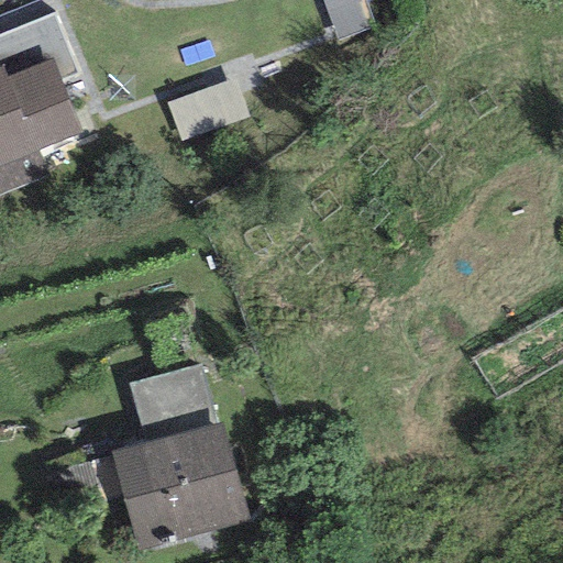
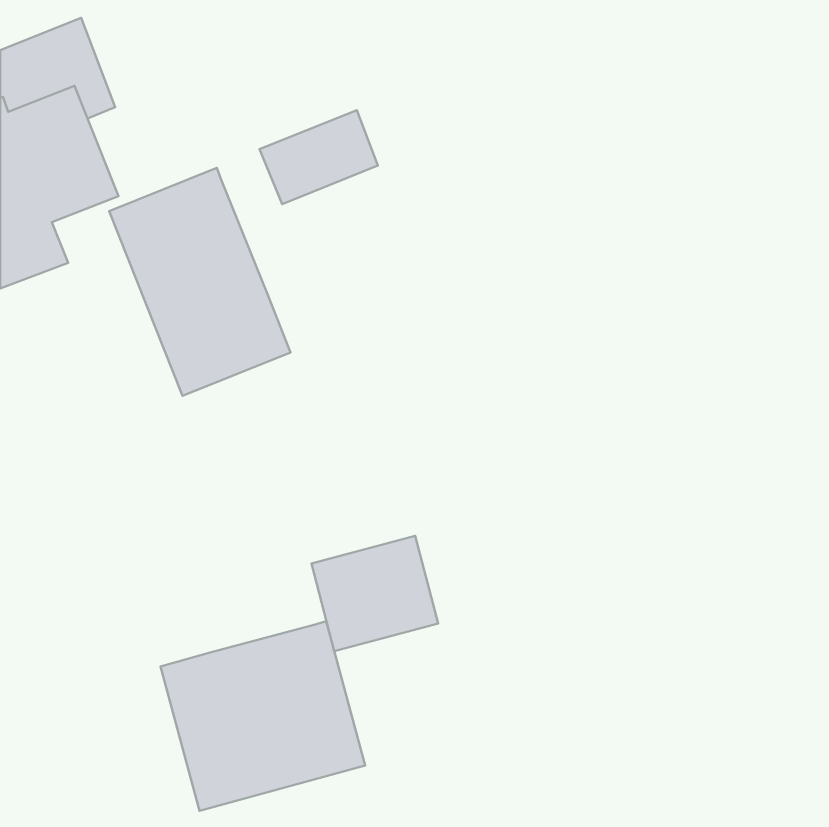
building: none -> [109,168,290,396]
building: [129,364,214,442] -> [311,536,438,651]

